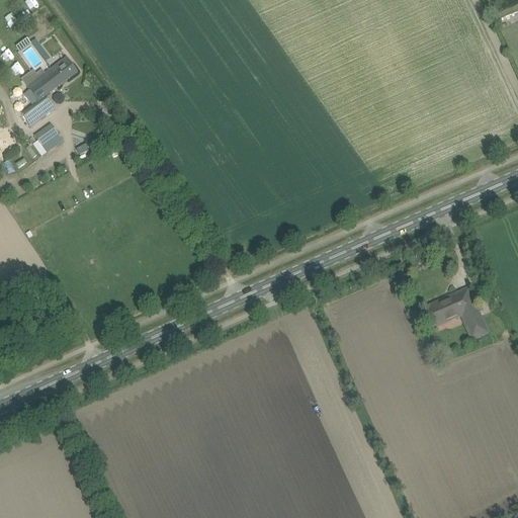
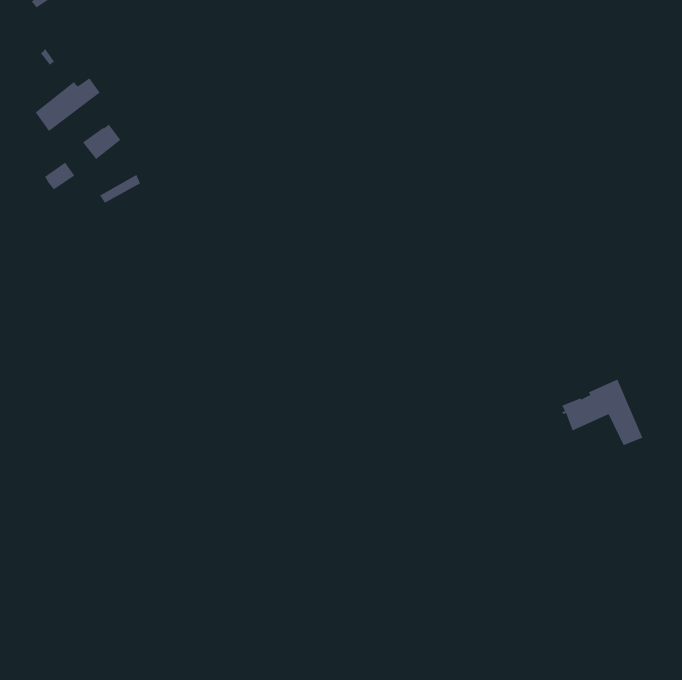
building: [21,96,51,123] -> [82,124,121,160]

